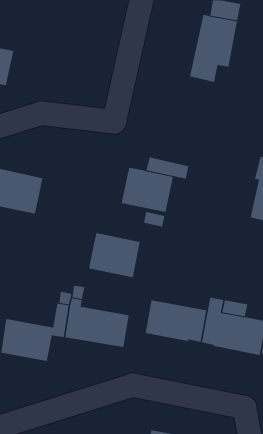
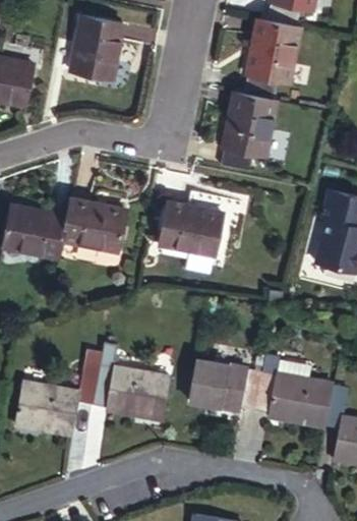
building: none -> [70,17,122,79]
building: none -> [220,94,274,170]
building: [88,232,140,278] -> [62,198,124,252]

